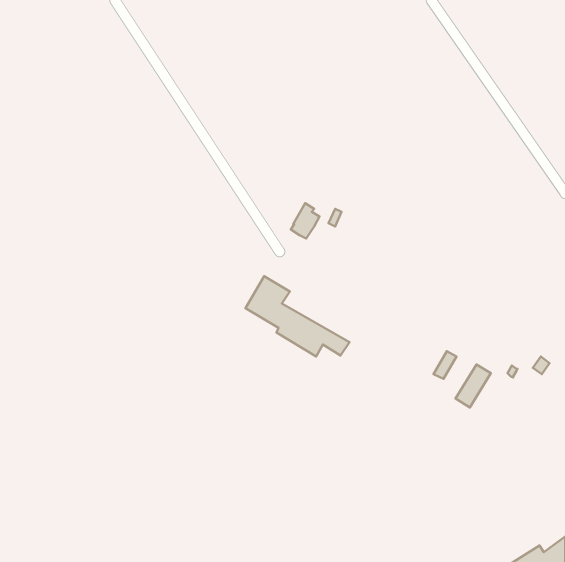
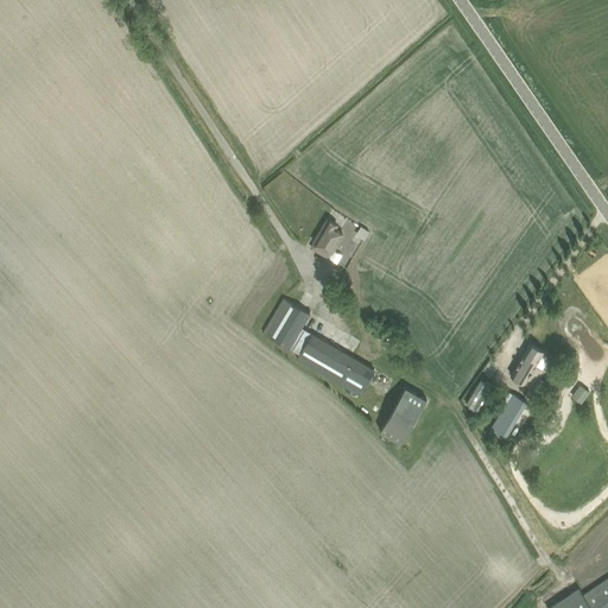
building: none -> [511,343,545,388]
building: none -> [380,388,426,443]

